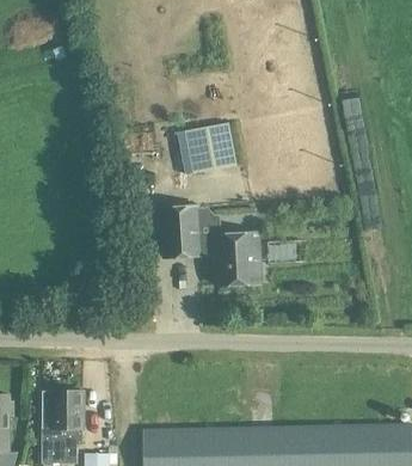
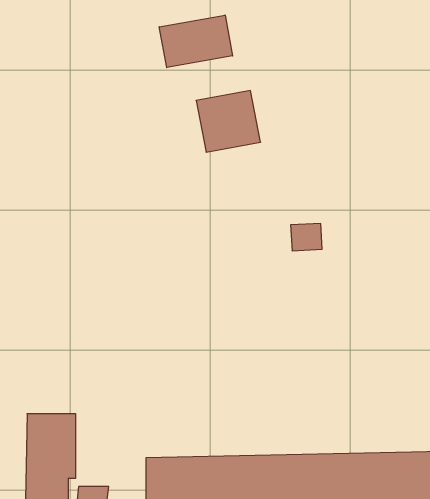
building: none -> [159,15,233,68]
building: [164,207,259,284] -> none

